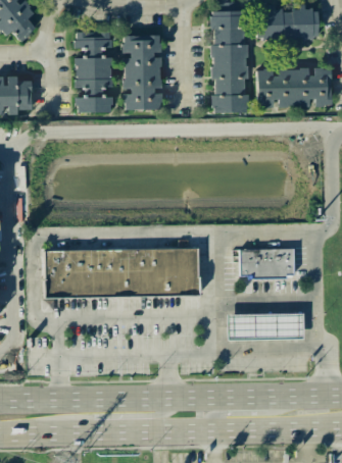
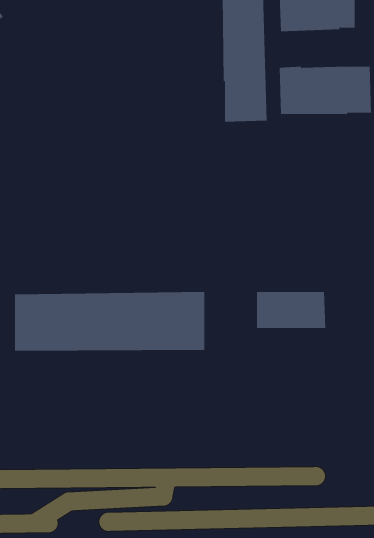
building: [75,31,111,111] -> none
building: [123,34,161,109] -> none
building: [227,312,303,339] -> none

